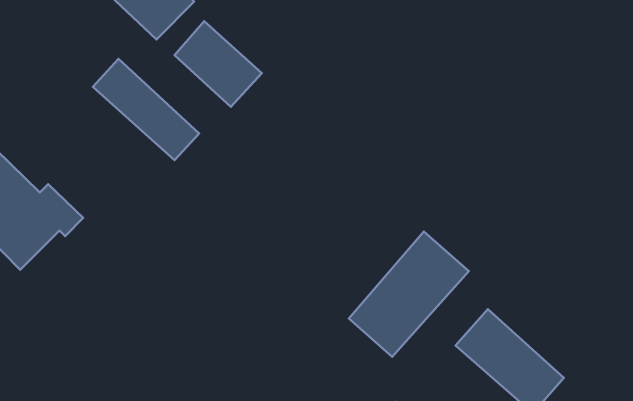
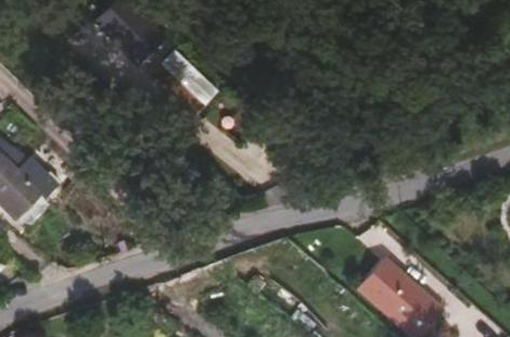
building: [93,59,199,160] -> none
building: [349,231,469,357] -> none

